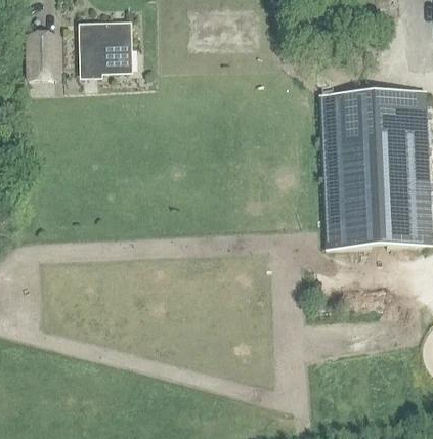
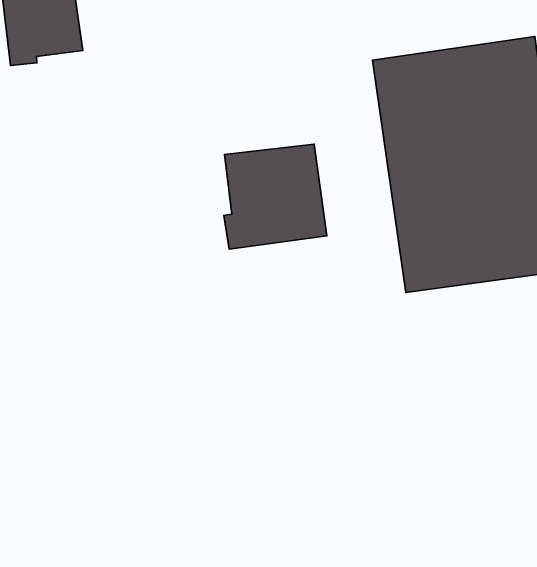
building: none -> [224,144,327,249]

